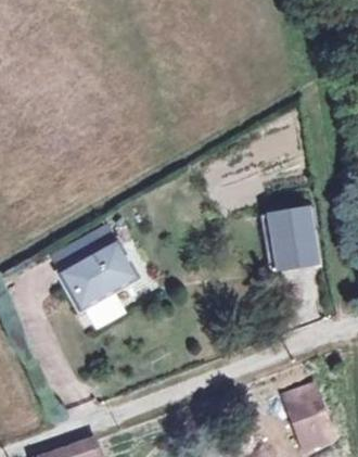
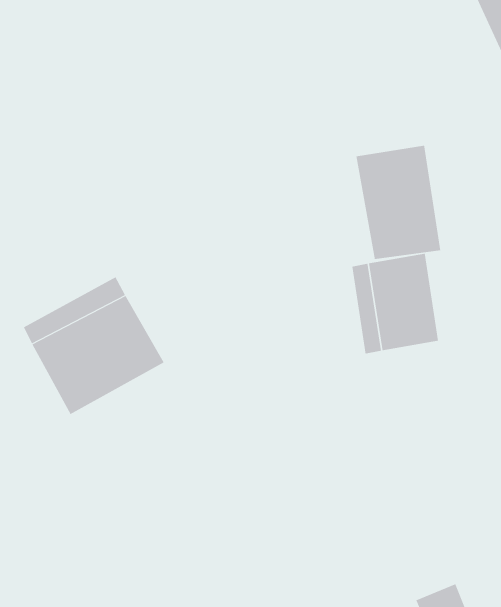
building: none -> [356,145,441,260]
building: [291,389,328,430] -> none

